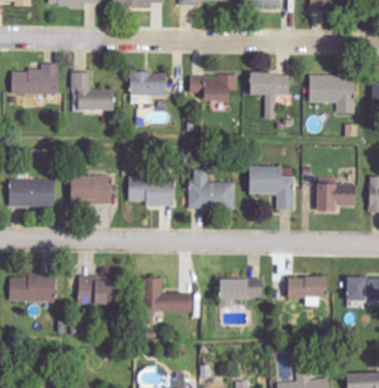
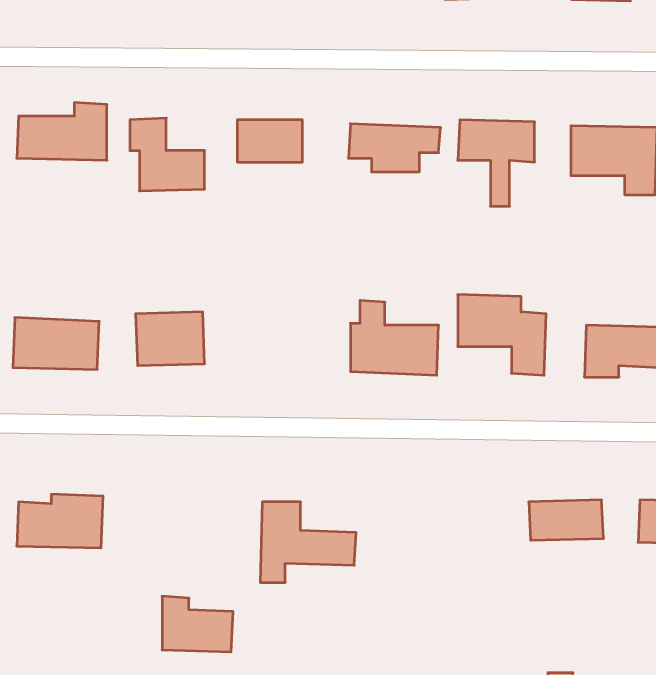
building: [128,177,175,205] -> none
building: [78,274,117,304] -> [162,596,233,652]
building: [217,279,264,306] -> none

